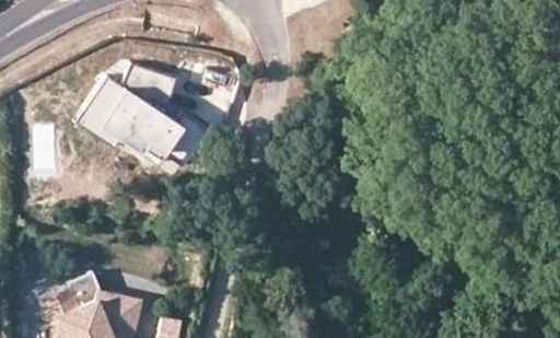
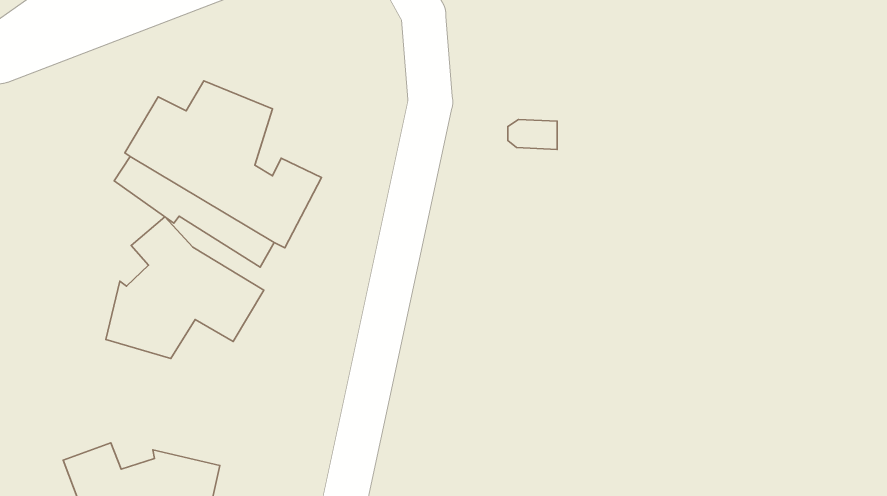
building: none -> [106,217,264,358]

